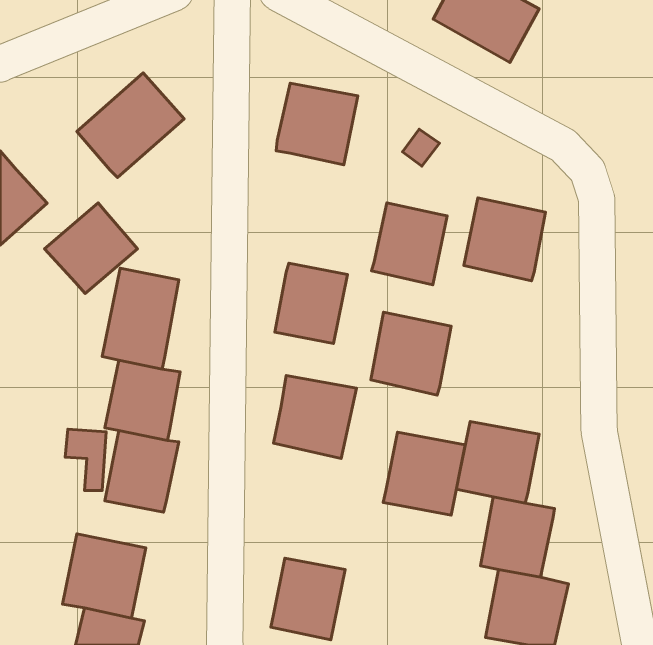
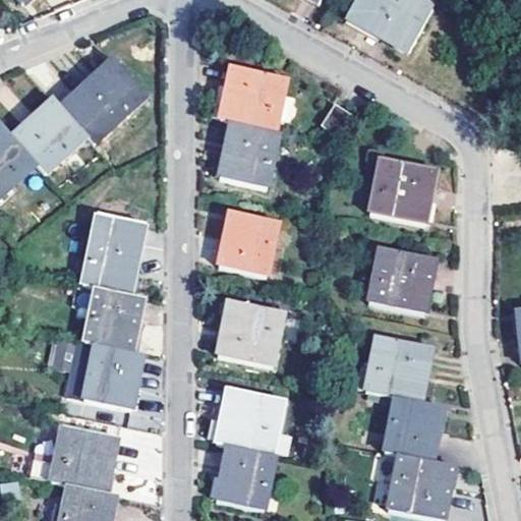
building: [44,203,138,294] -> [13,99,88,171]
building: [372,203,447,285] -> [219,122,279,187]
building: [371,312,451,395] -> [369,247,433,313]
building: [383,432,465,515] -> [217,387,282,453]

